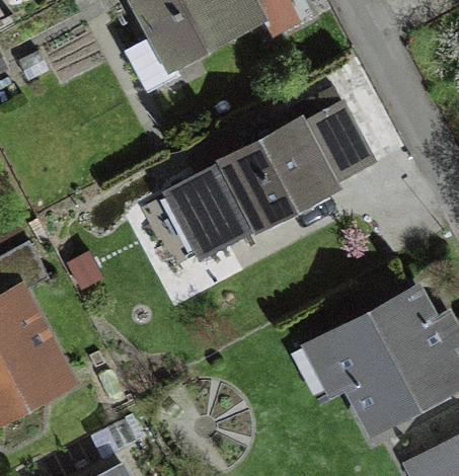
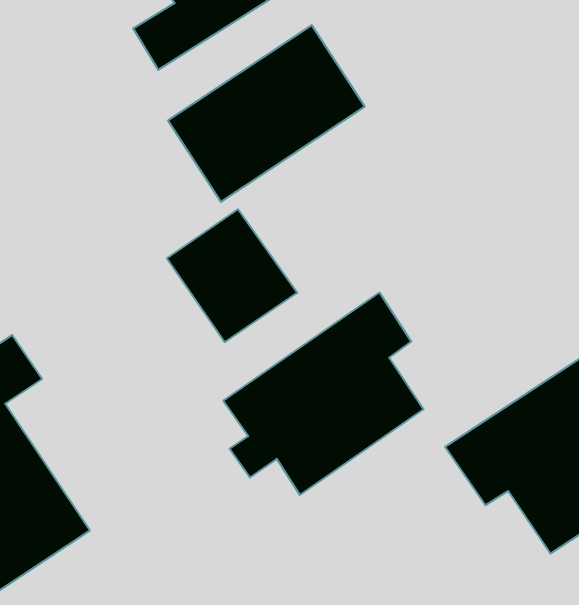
building: [234,106,367,219] -> [168,25,365,202]
building: none -> [223,293,424,495]

